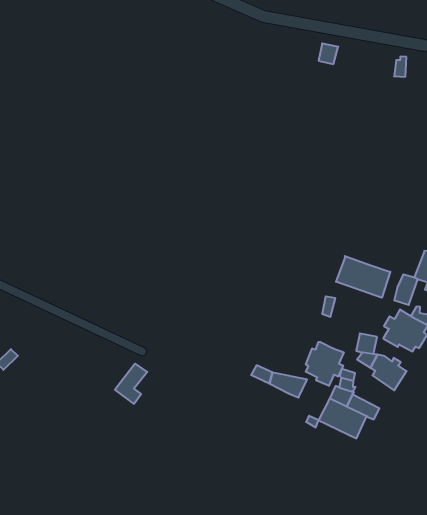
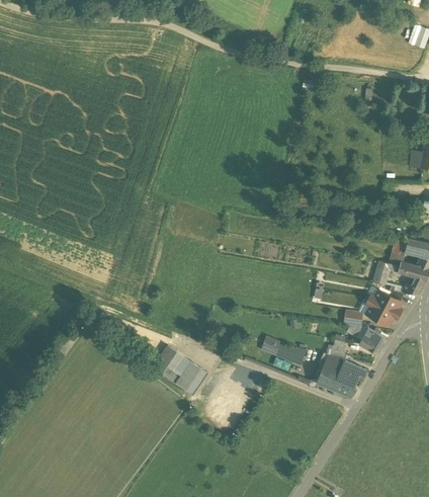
building: [336,256,390,298] -> none
building: [306,342,344,386] -> none
building: none -> [166,350,207,395]

